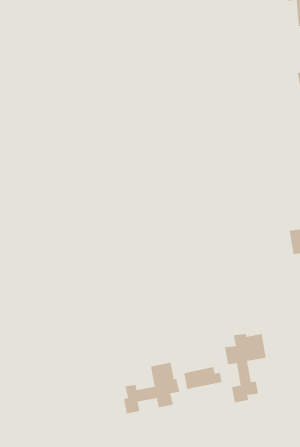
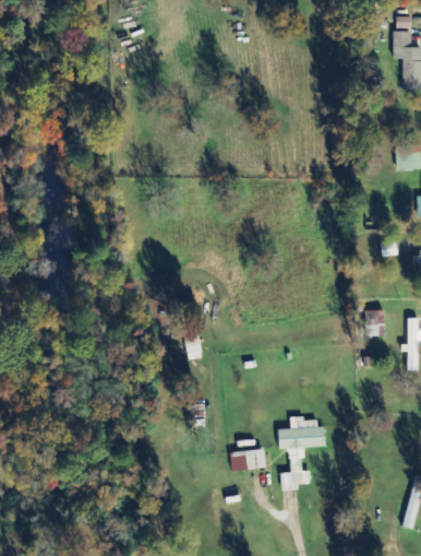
building: [124,362,180,414] -> none

